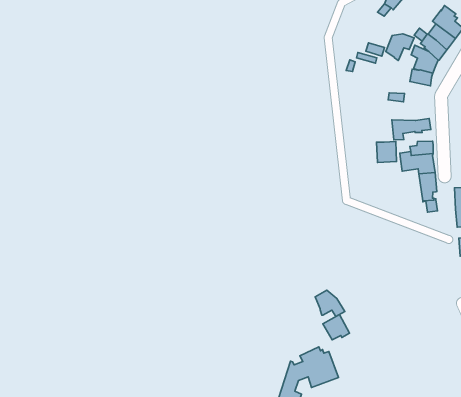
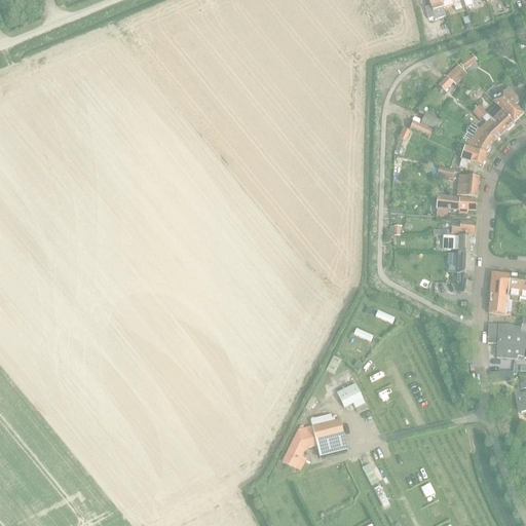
building: [386,34,414,60] -> none
building: [377,141,397,162] -> [456,174,478,196]
building: [315,290,345,316] -> none

